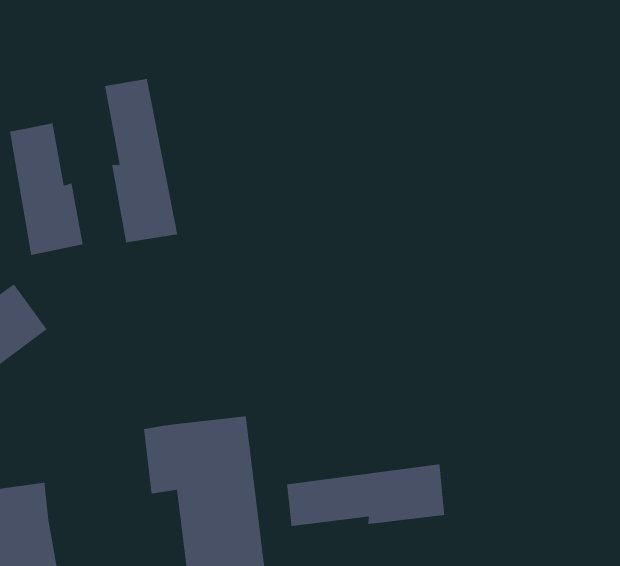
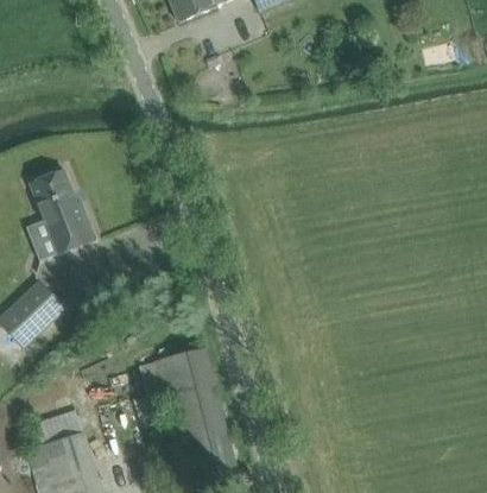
building: [105,78,178,243] -> none
building: [286,464,445,527] -> none

